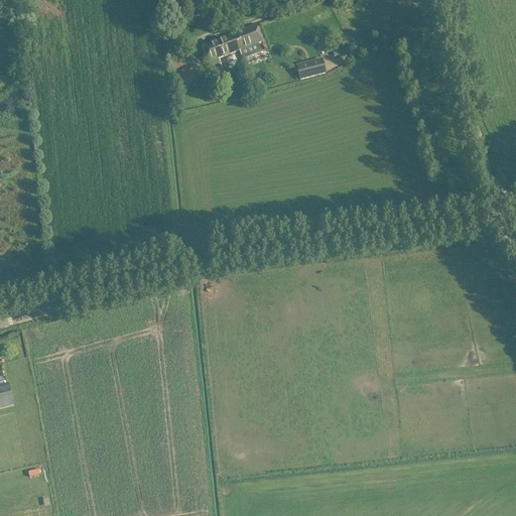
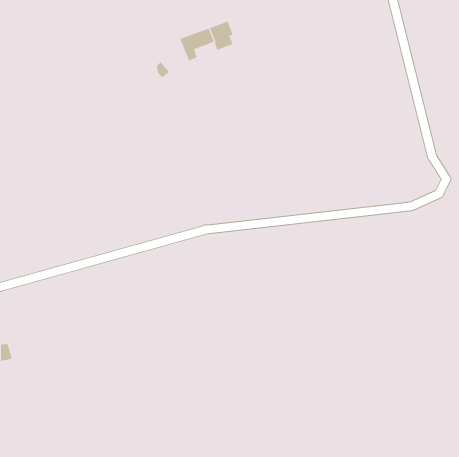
building: [296,56,326,77] -> none

